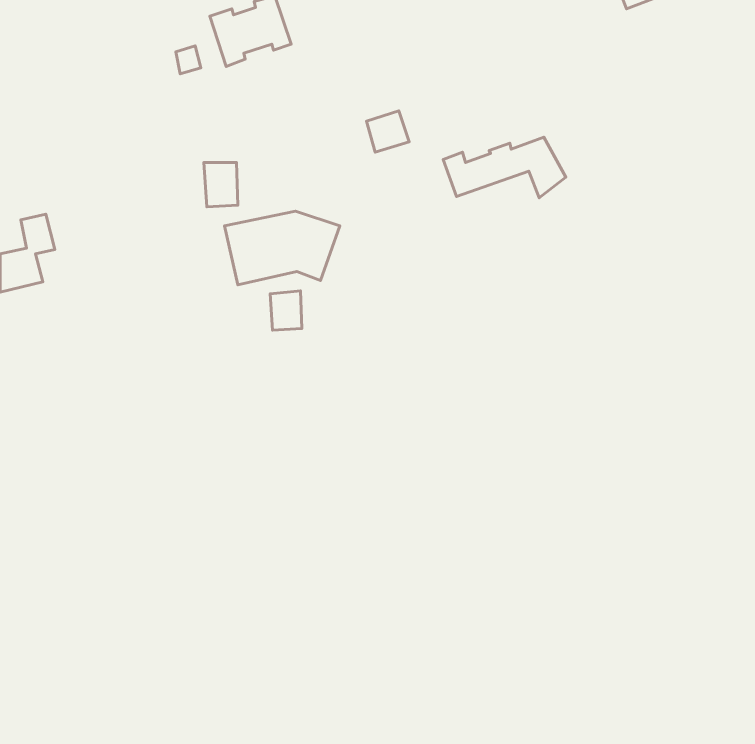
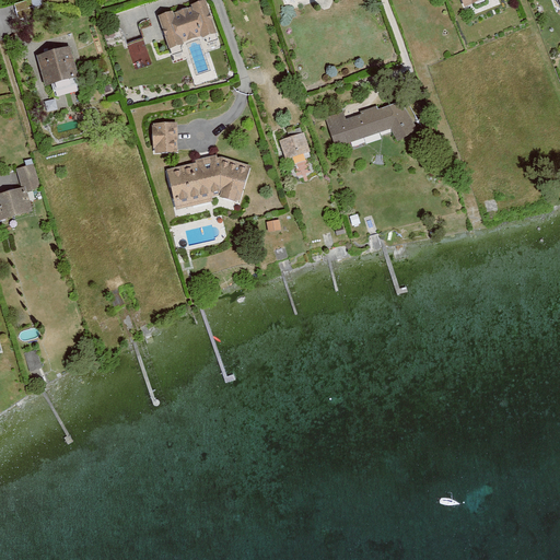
building: none -> [36,46,80,92]
building: [366,111,409,152] -> [279,131,311,162]
building: [270,291,302,330] -> none

